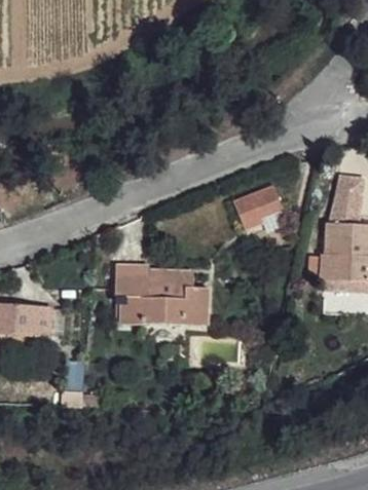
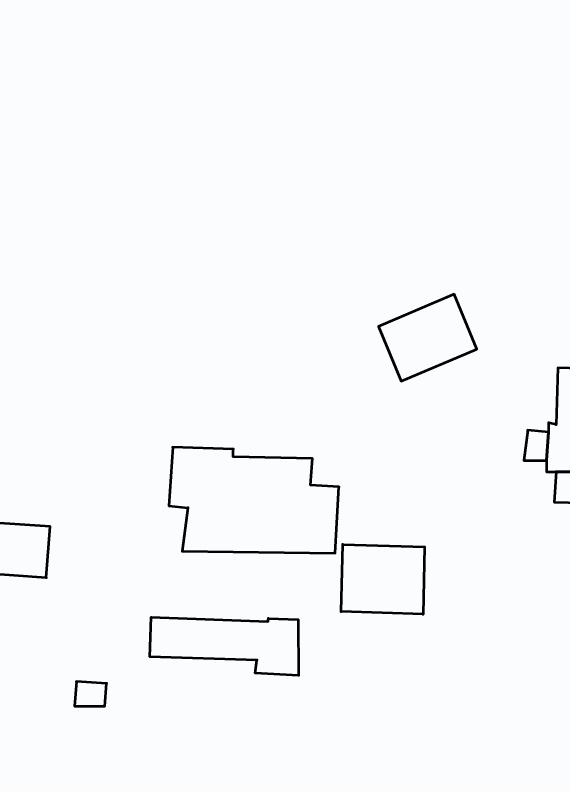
building: none -> [341,544,425,614]
building: none -> [150,617,299,675]

